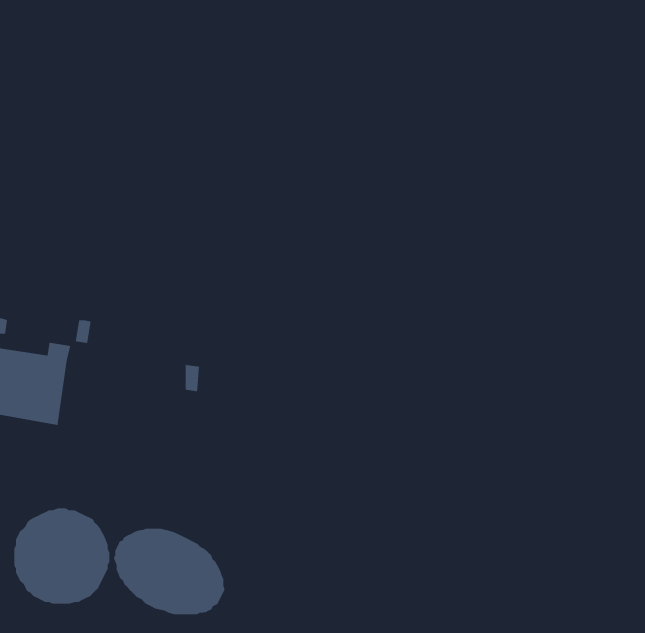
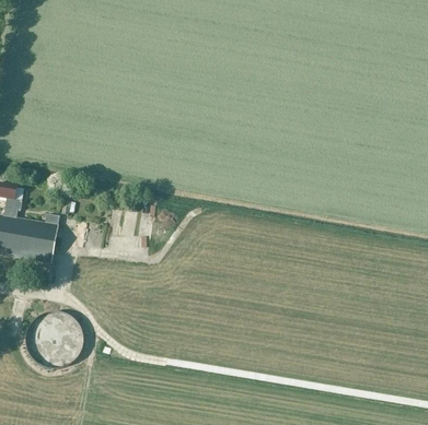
building: [113,528,226,615] -> none

